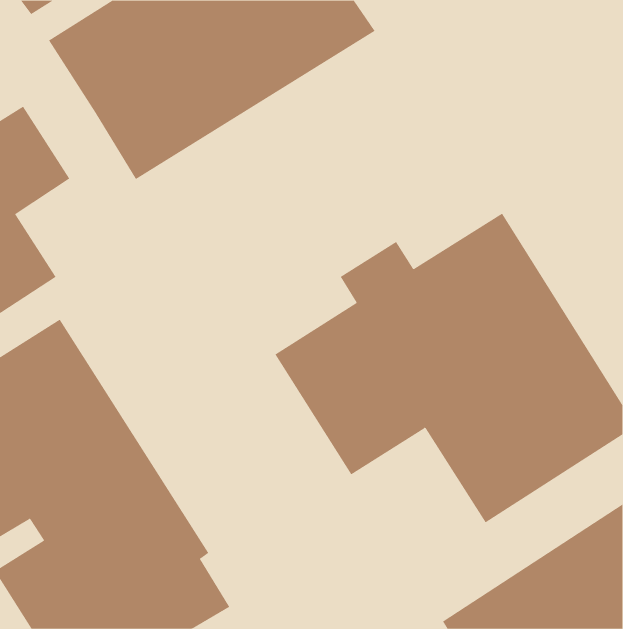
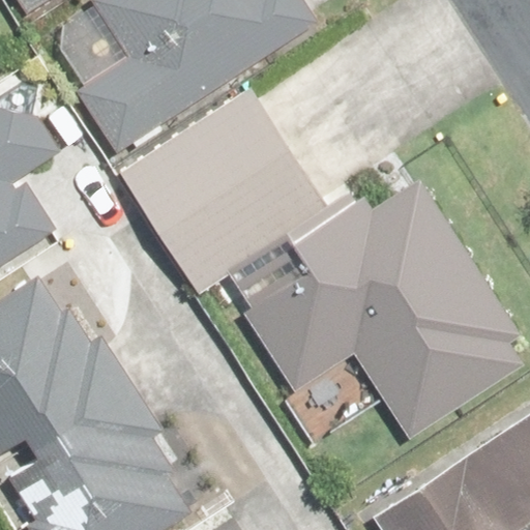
building: none -> [123,88,333,290]

